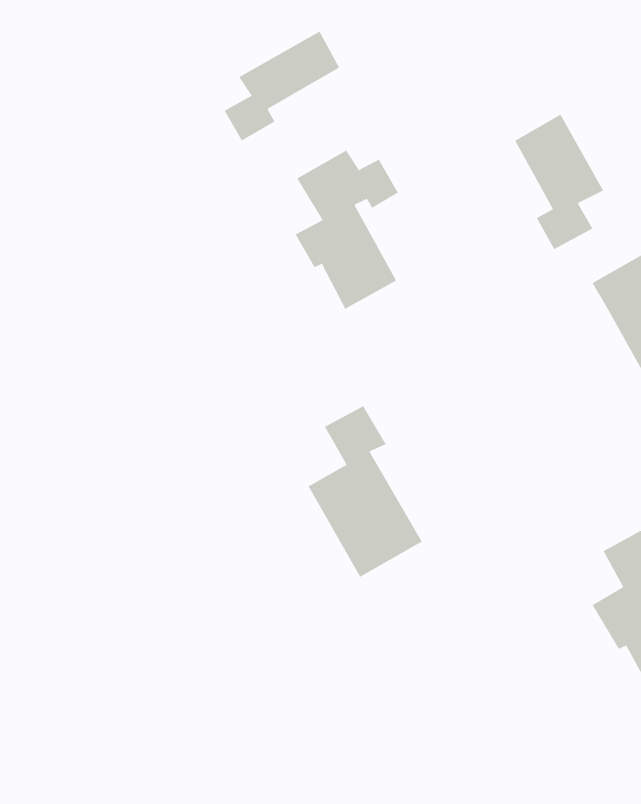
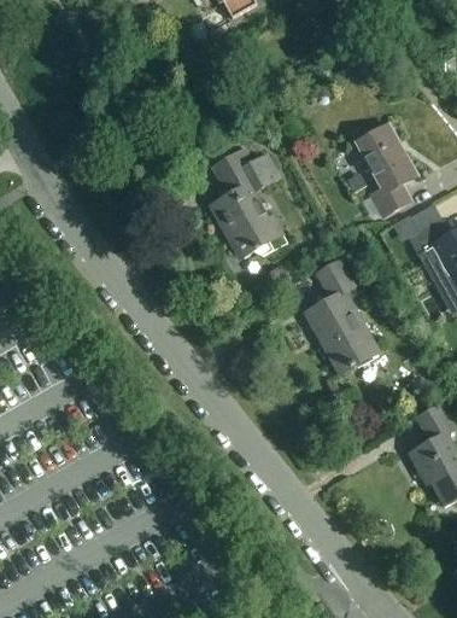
building: [224,30,340,141] -> none
building: [308,405,423,578] -> [303,258,380,374]

